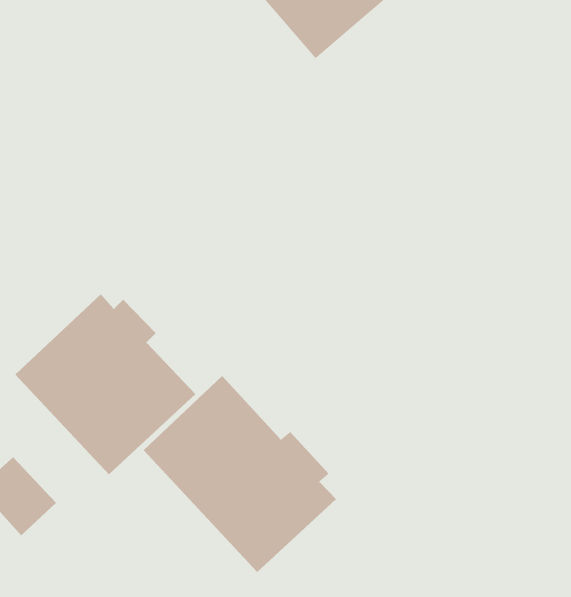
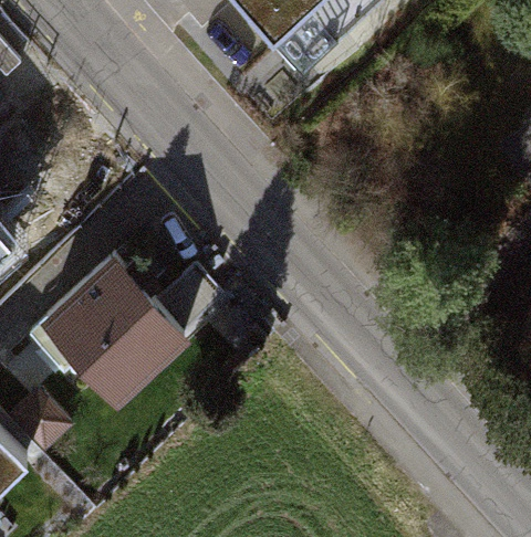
building: [143,375,337,573] -> none

